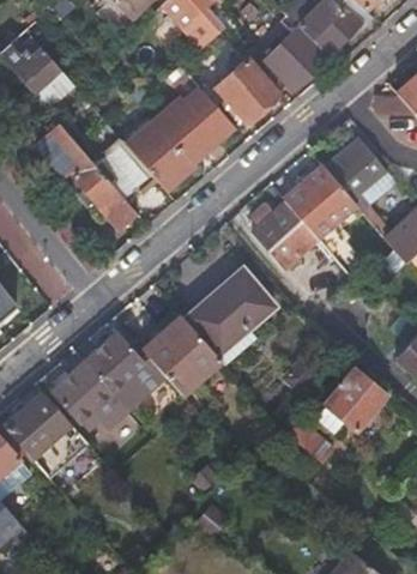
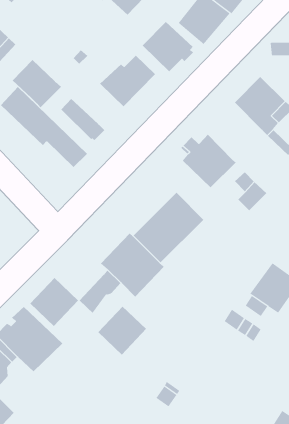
building: [133,131,194,192] -> [12,59,62,108]
building: [284,167,355,237] -> none
building: [84,333,145,394] -> [98,306,147,355]

